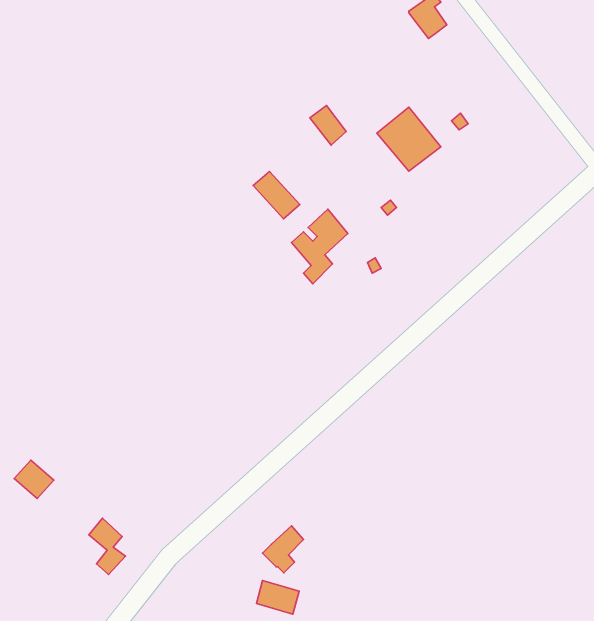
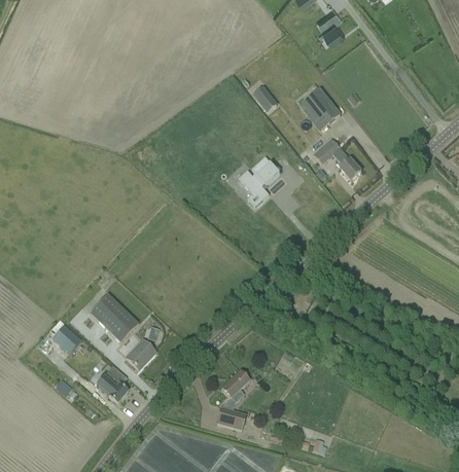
building: [253,171,300,219] -> none
building: none -> [315,138,361,179]
building: none -> [89,293,137,341]
building: none -> [125,338,154,368]

